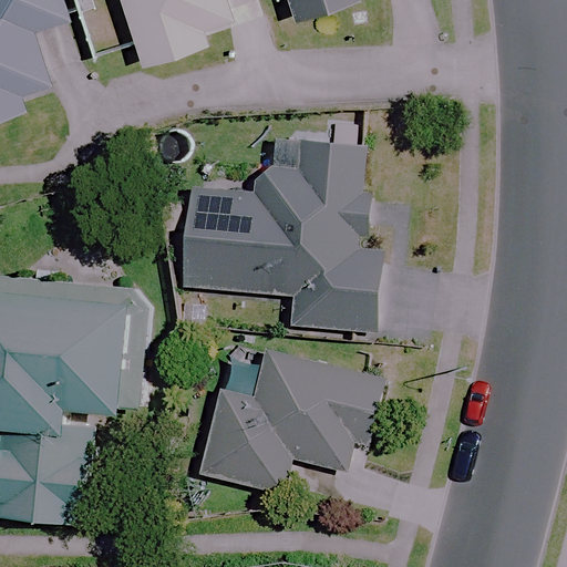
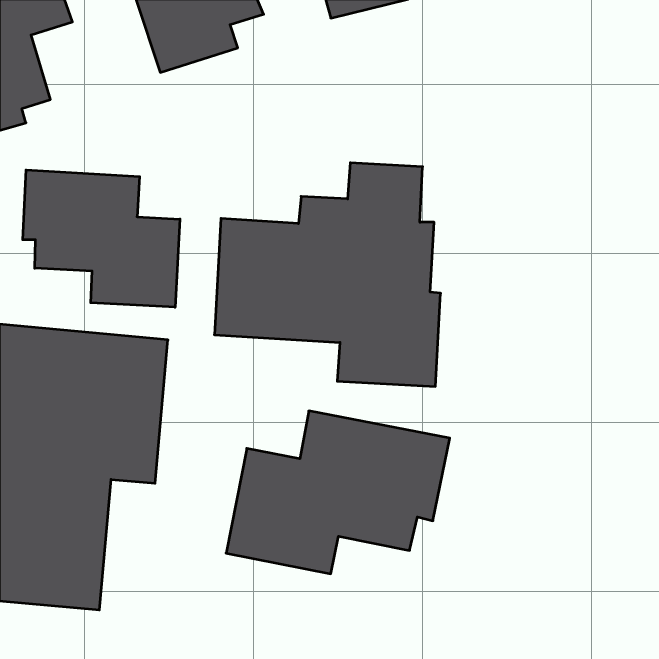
building: none -> [23,170,180,307]

